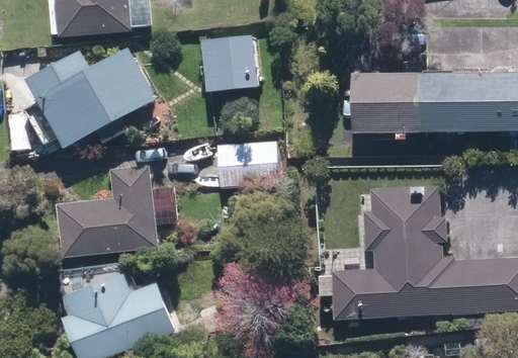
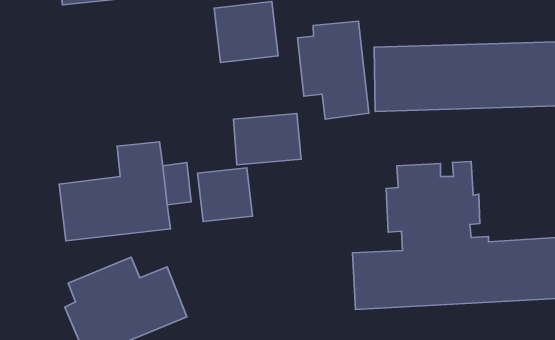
building: [25,48,157,150] -> none
building: none -> [297,21,369,119]
building: none -> [197,168,253,221]

